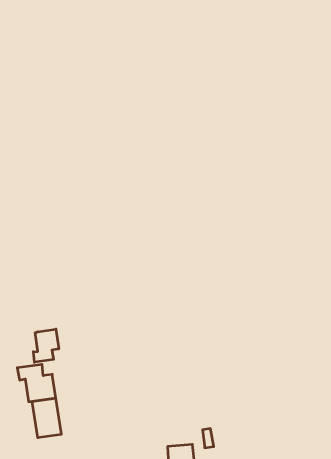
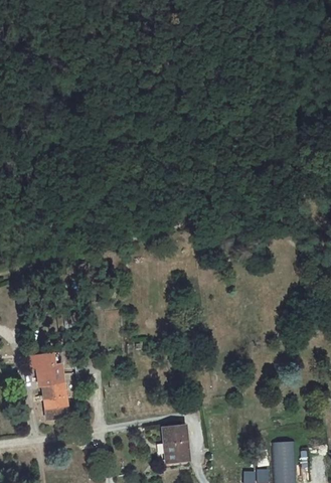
building: [33,329,59,362] -> none

